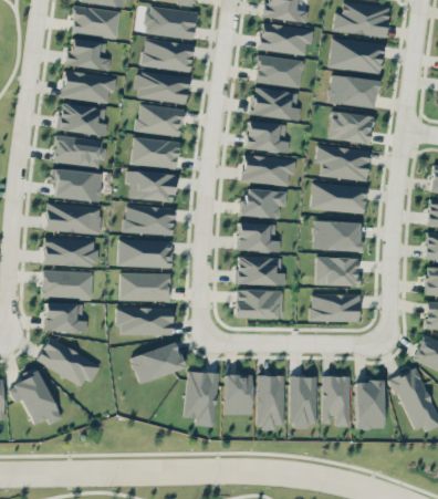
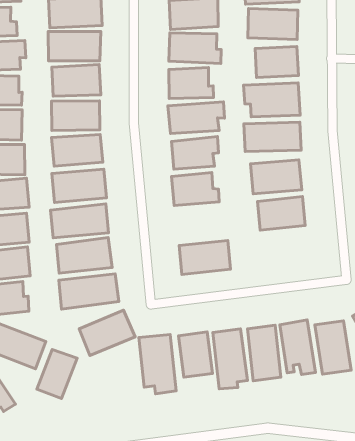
building: [237,257,285,287] -> none
building: [311,294,358,322] -> none
building: none -> [37,350,77,399]

